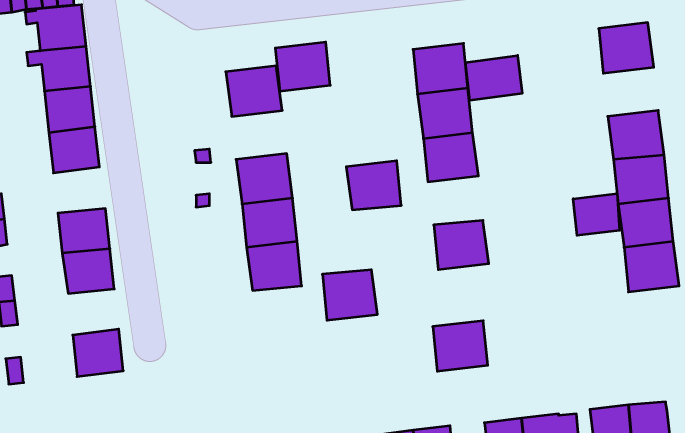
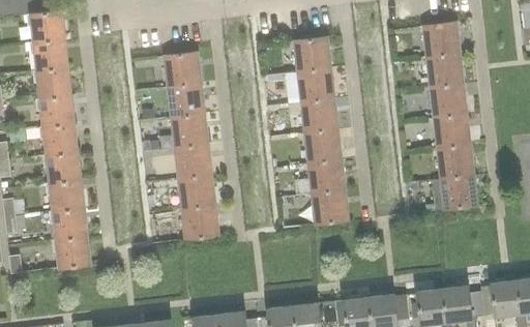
building: [275,42,330,91] -> [166,83,204,117]
building: [465,55,522,100] -> none
building: none -> [424,53,463,87]
building: [346,161,401,210] -> [302,128,341,162]
building: none -> [41,122,78,154]
building: [573,193,619,235] -> none
building: [322,270,377,320] -> [180,205,218,240]
building: none -> [52,207,87,239]
building: [433,321,488,371] -> [310,189,348,225]

